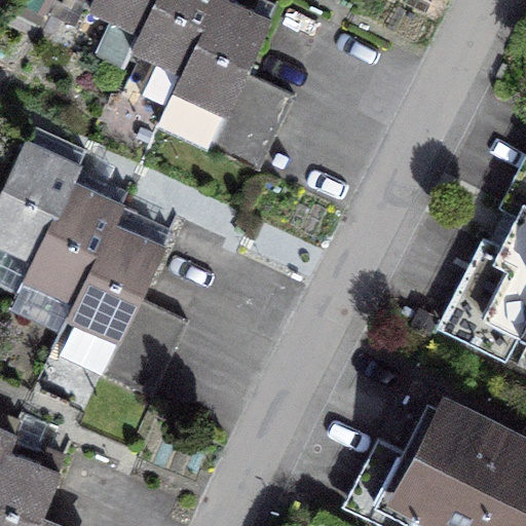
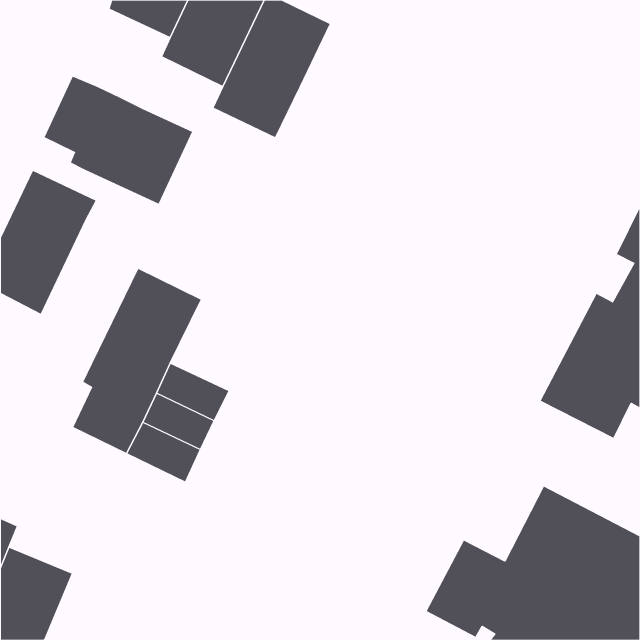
building: none -> [44,76,193,204]
building: [211,71,295,168] -> none
building: [26,180,120,298] -> none

